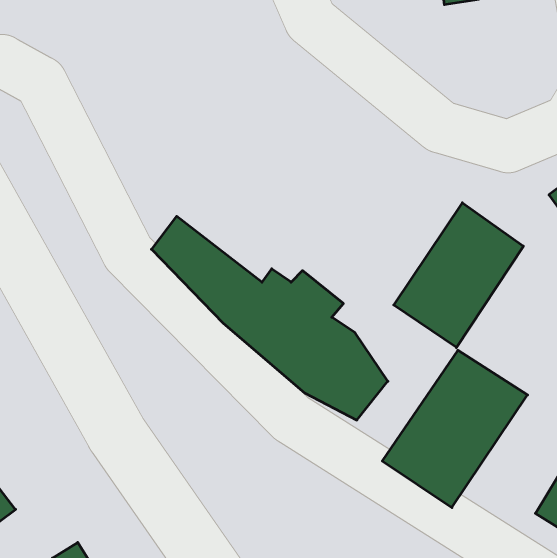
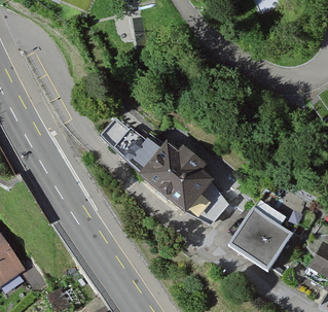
building: [394,203,523,348] -> none

